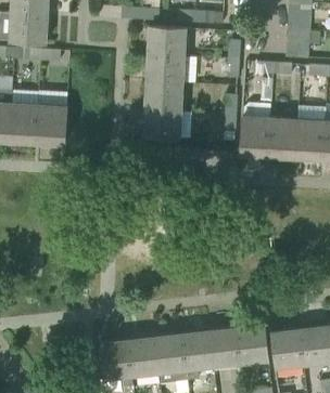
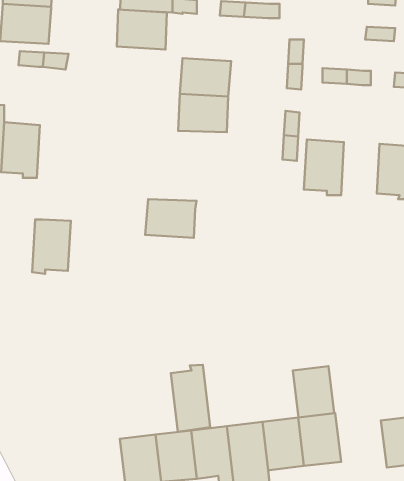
building: [148,26,186,56] -> [117,10,167,50]
building: [37,105,66,146] -> [32,220,71,274]
building: [142,109,181,139] -> [145,199,197,238]
building: [268,118,297,159] -> none
building: none -> [171,365,210,432]
building: [271,329,303,368] -> [293,366,334,417]

